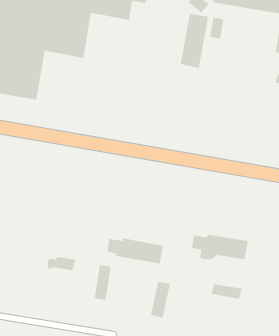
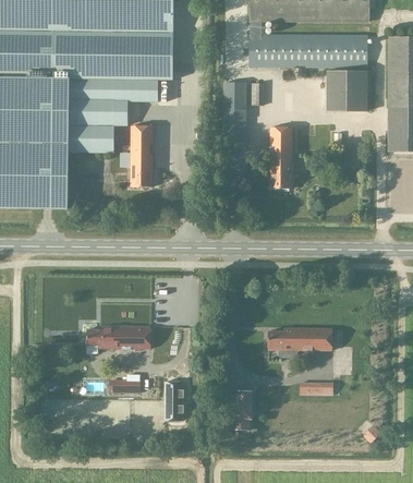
building: none -> [131,124,153,185]
building: none -> [269,126,292,188]
building: [106,238,164,264] -> [87,325,150,348]

